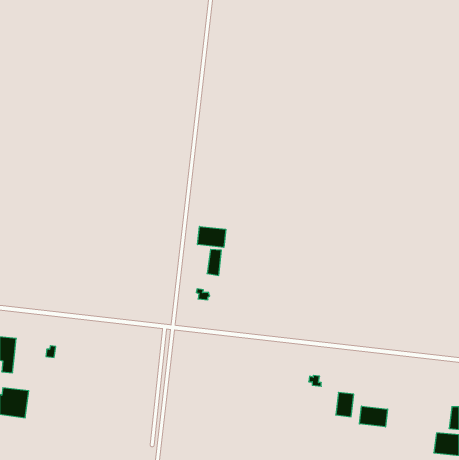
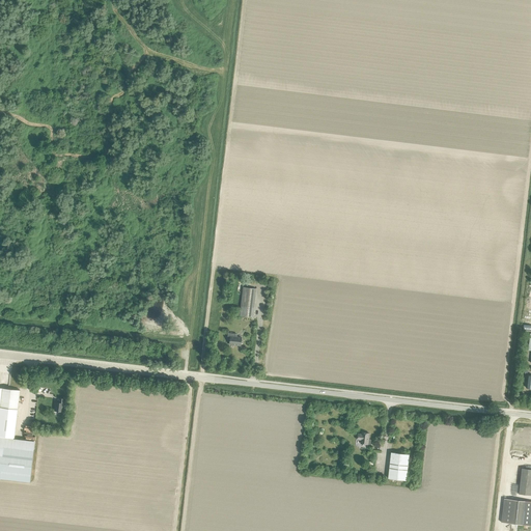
building: [198,226,226,247] -> none
building: [359,406,388,427] -> none

